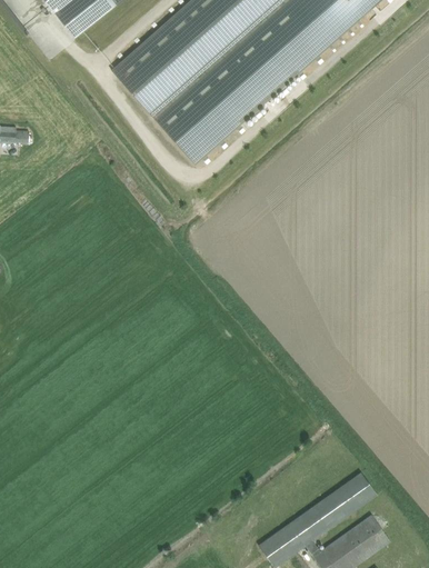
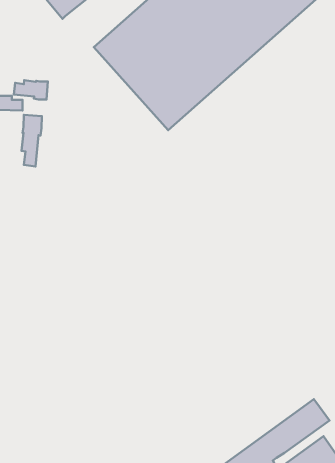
building: none -> [14,80,48,100]
building: none -> [21,115,42,166]

